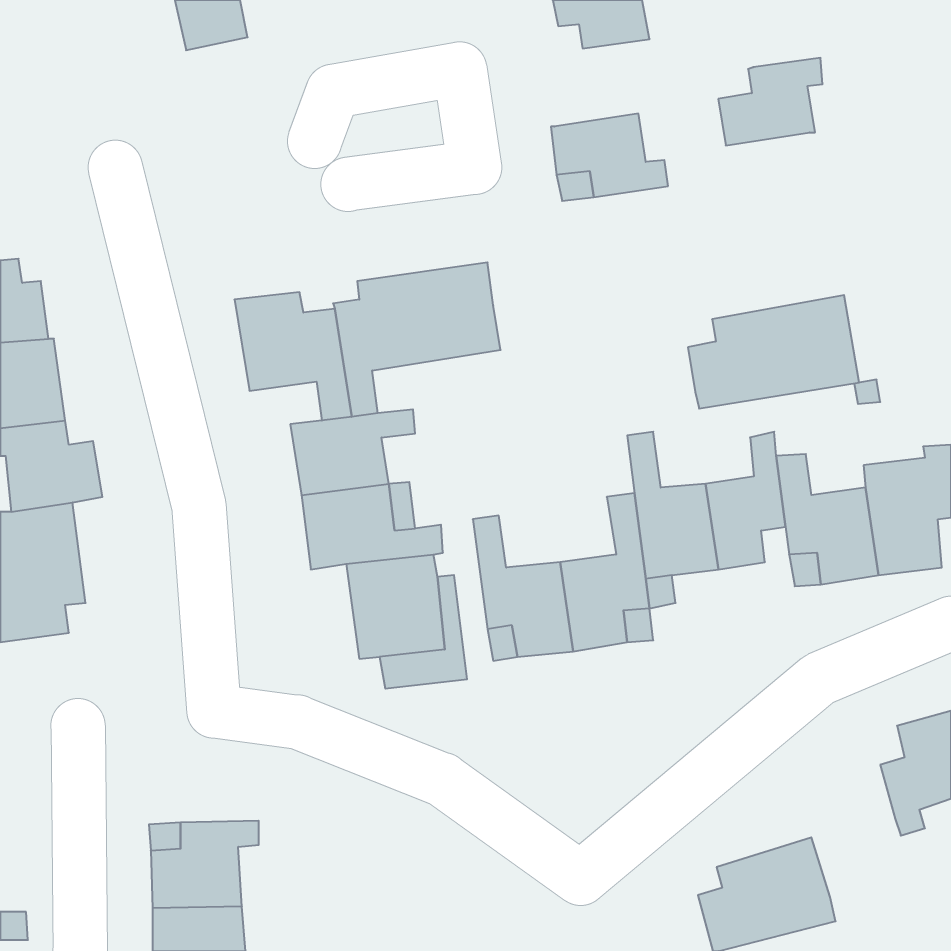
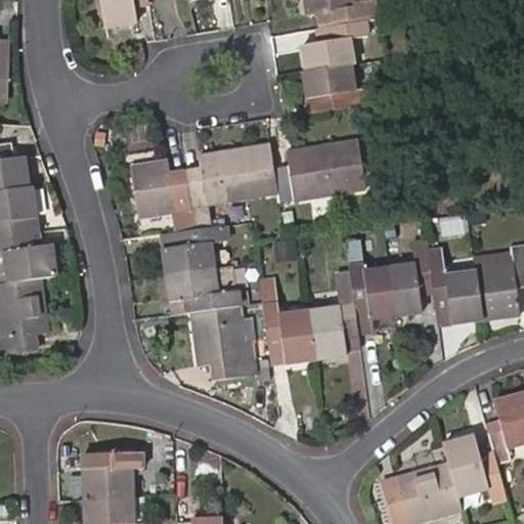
building: [718,58,823,145] -> [301,21,358,70]
building: [688,295,859,409] -> [271,139,365,202]
building: none -> [442,433,503,493]

